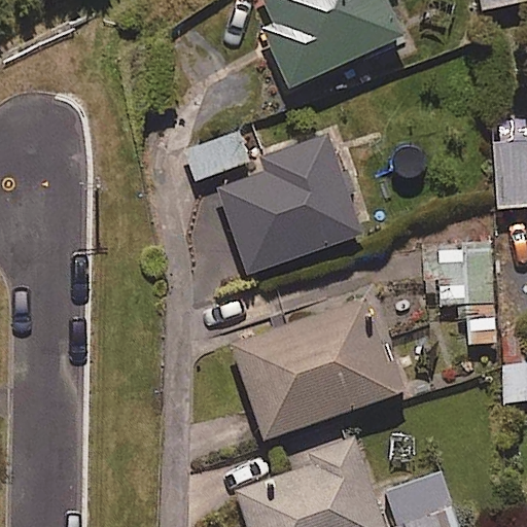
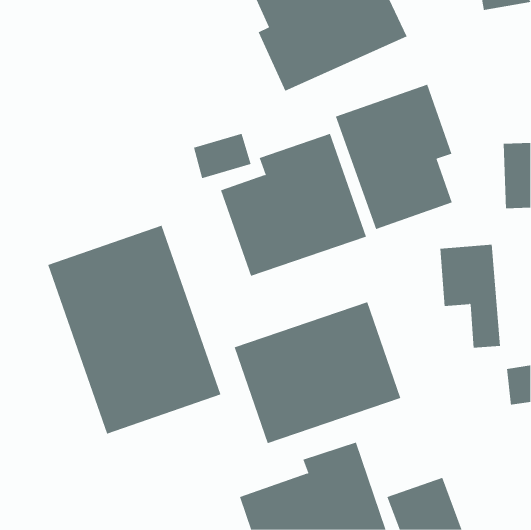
building: none -> [335,84,453,230]
building: none -> [47,225,221,435]

